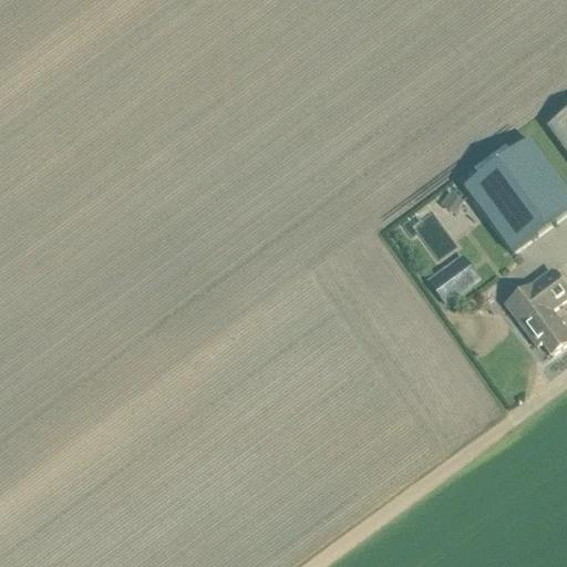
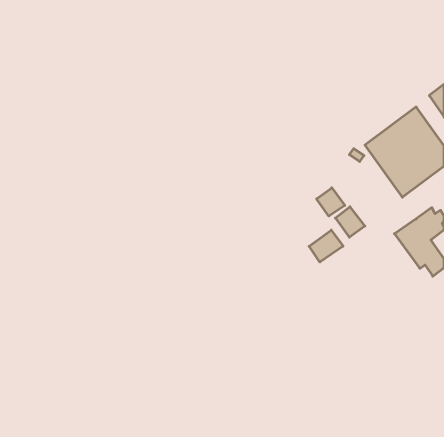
building: none -> [317,188,345,216]
building: none -> [309,230,343,262]

